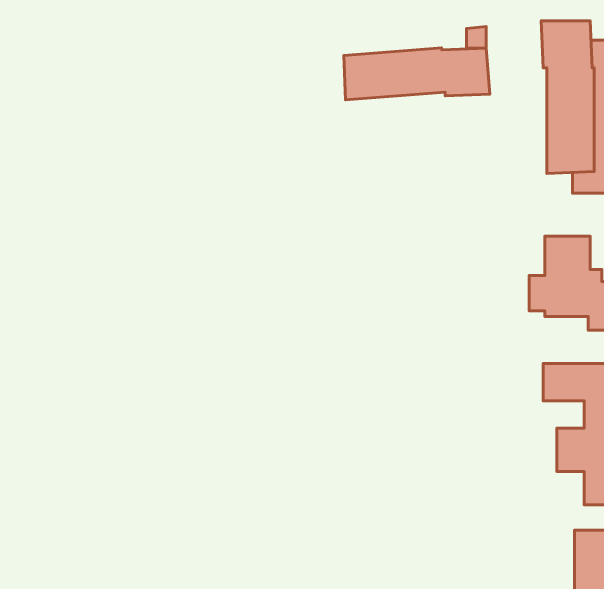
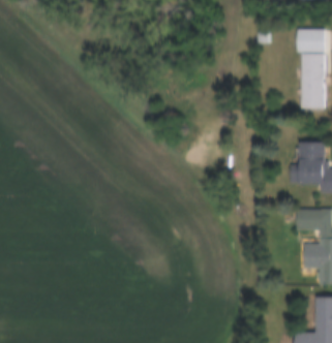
building: [344,48,490,100] -> none

